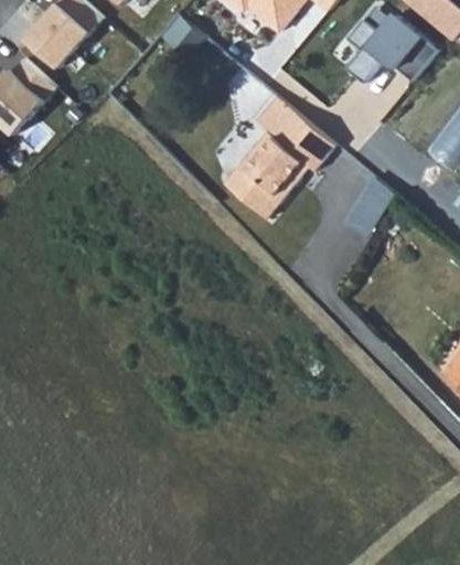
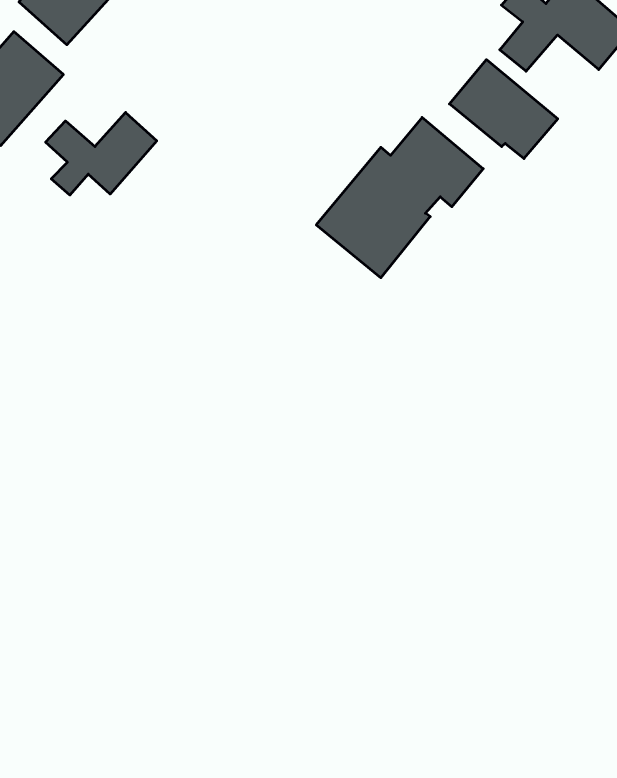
building: none -> [449,60,558,159]
building: none -> [46,112,157,195]

